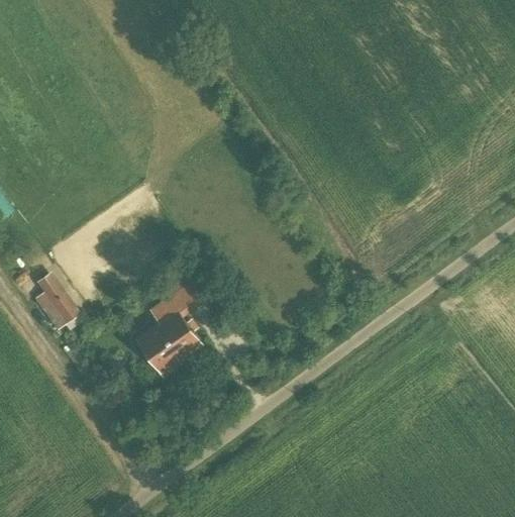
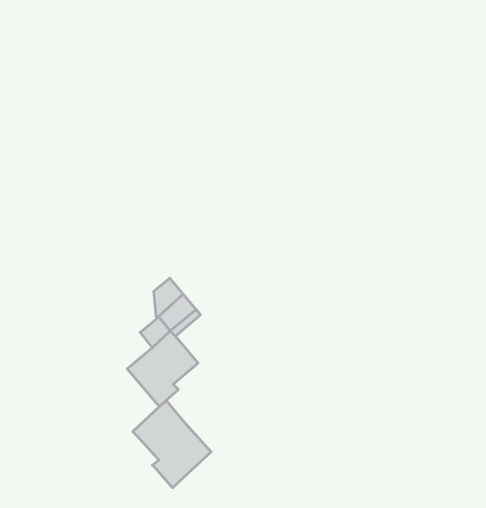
building: [35,273,79,329] -> none
building: none -> [133,401,211,488]

